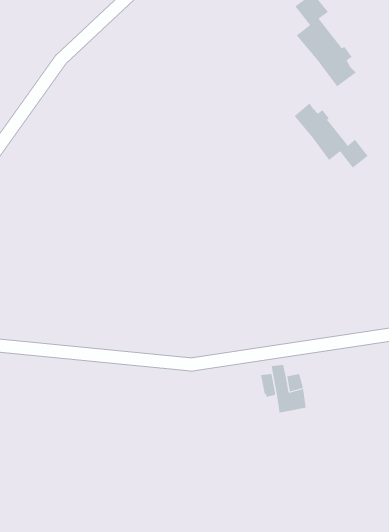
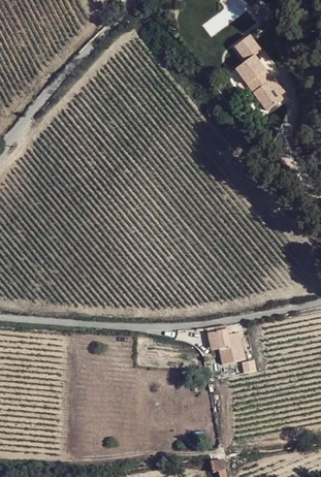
building: [294,102,368,168] -> none

